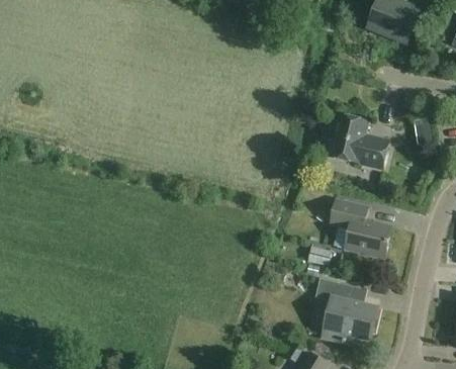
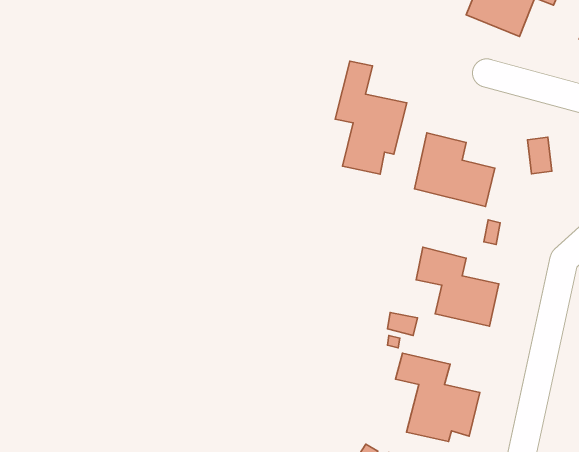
building: none -> [335,61,407,174]

